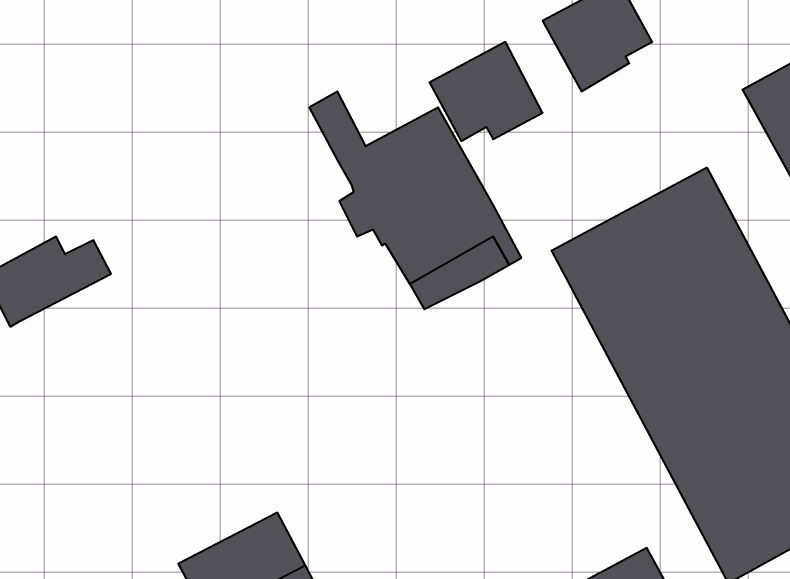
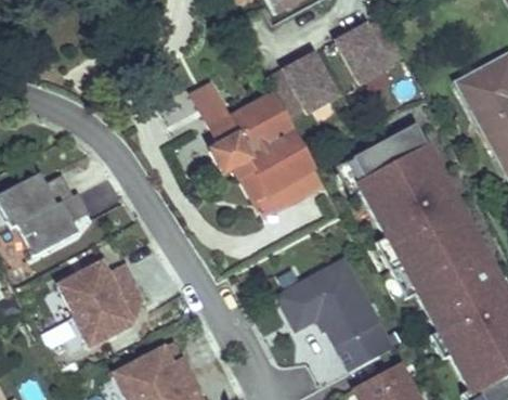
building: none -> [15,192,89,256]
building: none -> [276,259,392,371]
building: none -> [57,261,142,347]

